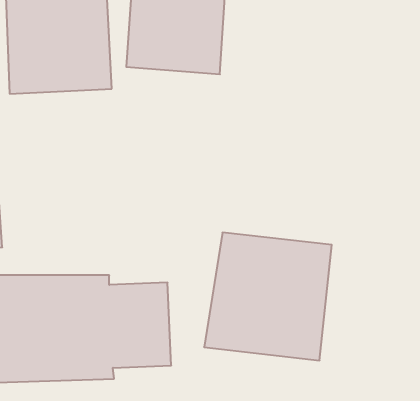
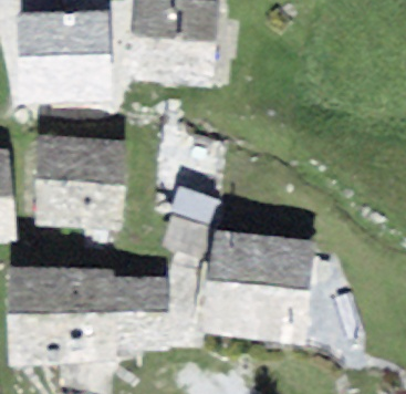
building: none -> [33,136,125,228]

